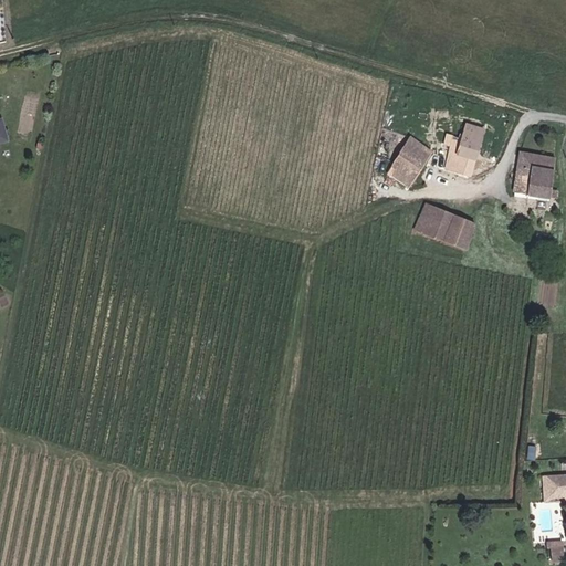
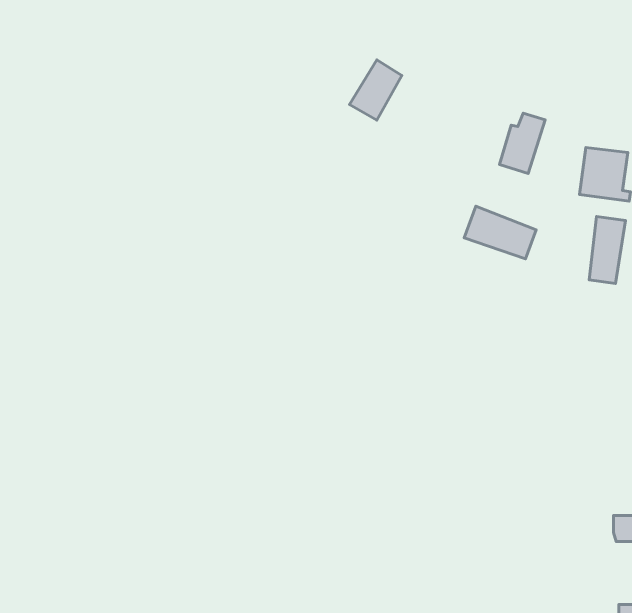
building: [386,138,430,189] -> [349,60,402,120]
building: none -> [589,217,626,284]

